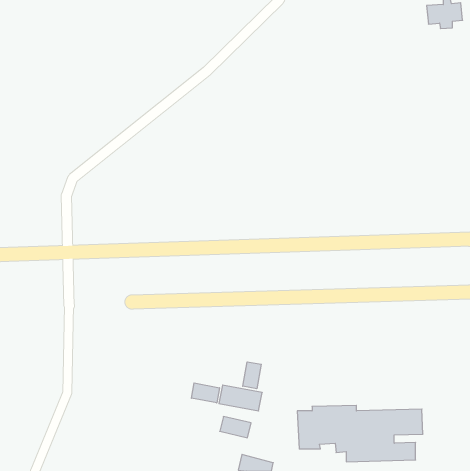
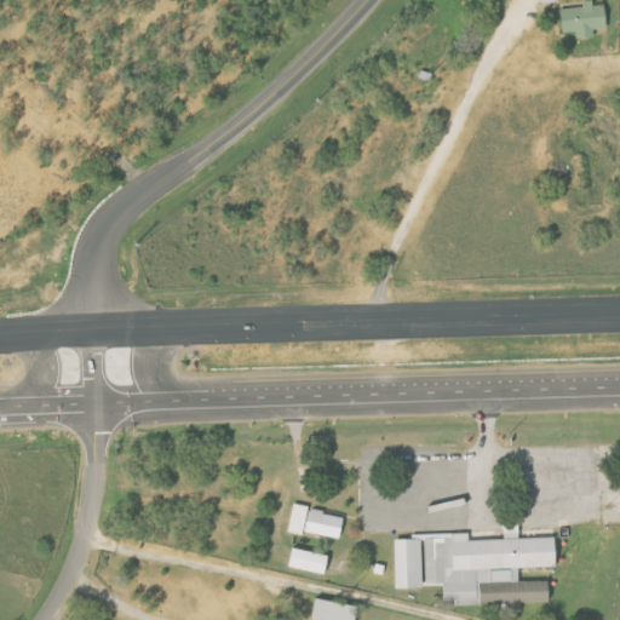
building: [243,362,261,389] -> none
building: [191,383,219,403] -> none

